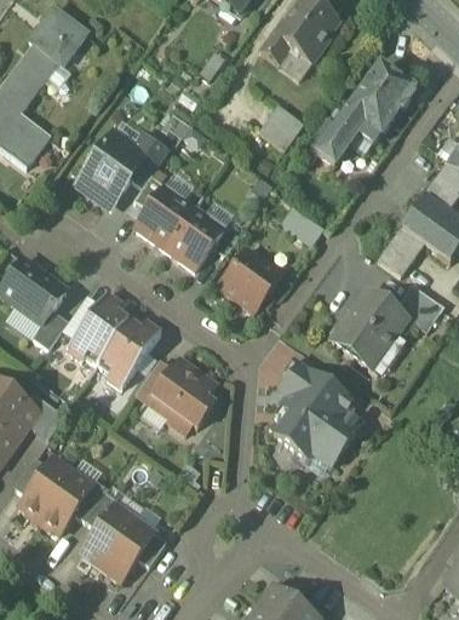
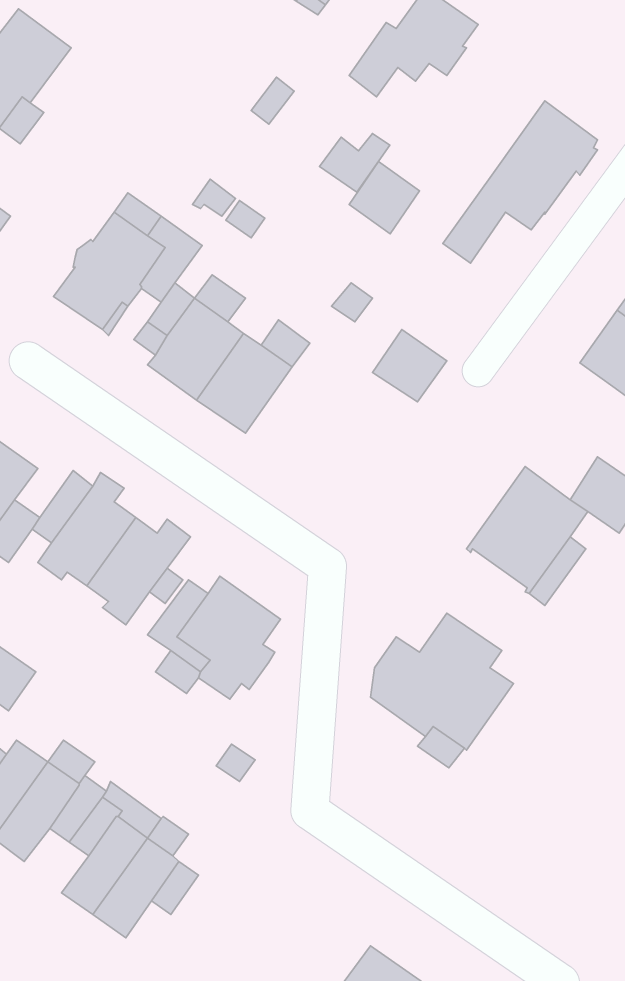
building: [276,40,320,76] -> [320,133,390,192]
building: [378,225,424,274] -> none
building: [220,251,281,311] -> none
building: [279,360,320,404] -> none

